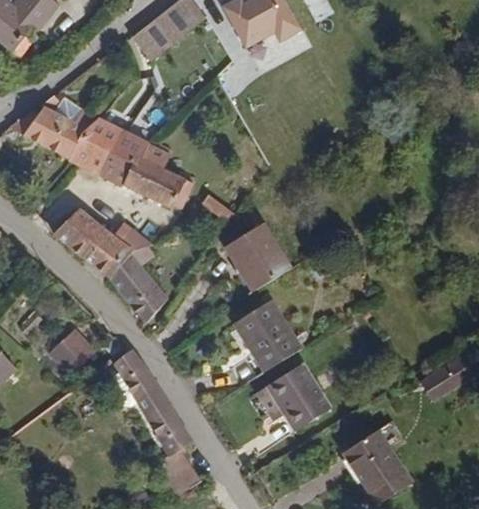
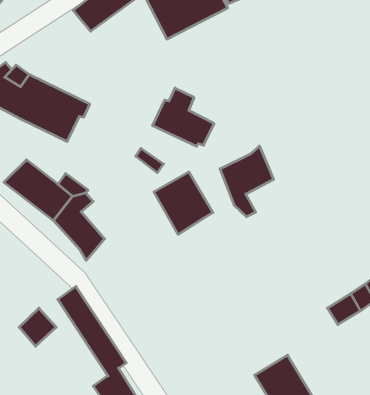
building: [122,141,193,208] -> [152,88,214,146]
building: none -> [220,146,274,217]
building: [233,295,303,369] -> none
building: [53,331,96,375] -> [19,308,56,346]
building: [267,360,333,429] -> none

